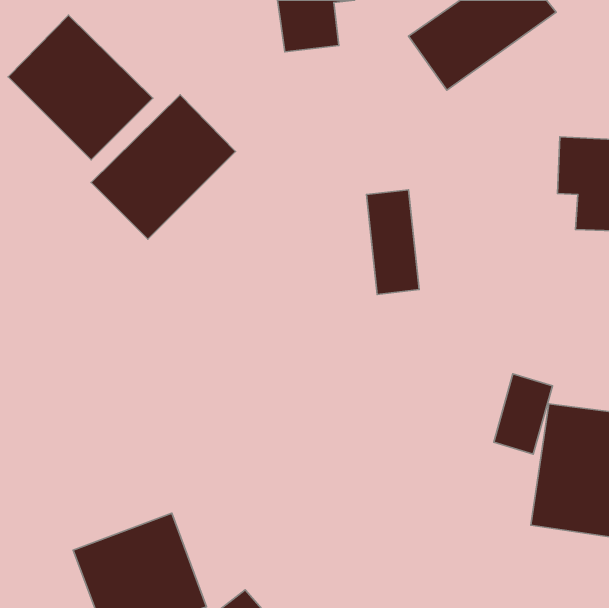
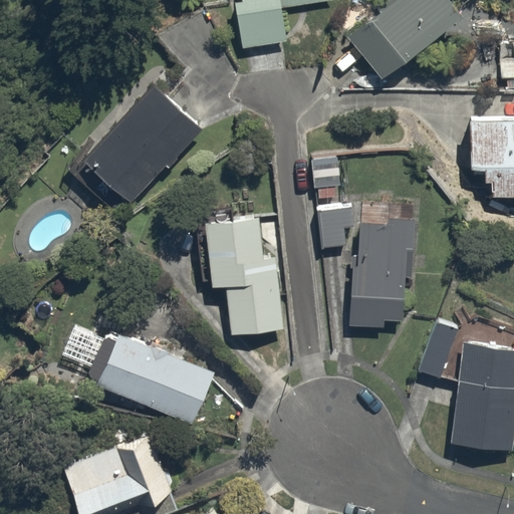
building: [8,15,153,160] -> none
building: none -> [351,203,416,330]
building: none -> [202,211,286,338]
building: none -> [84,330,212,421]

